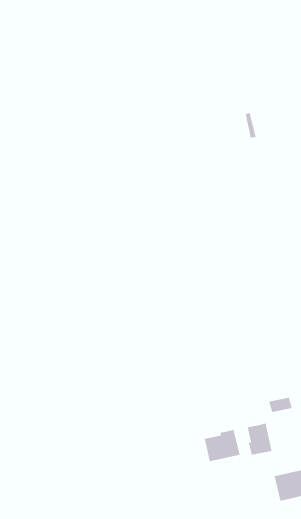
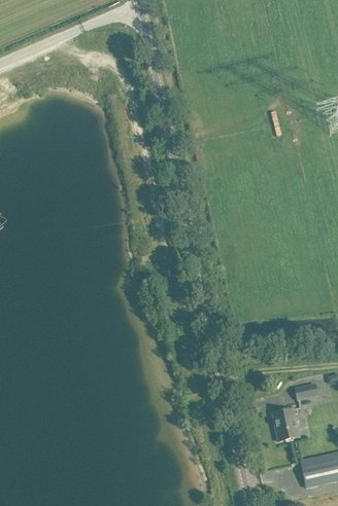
building: [204,429,240,462] -> none

